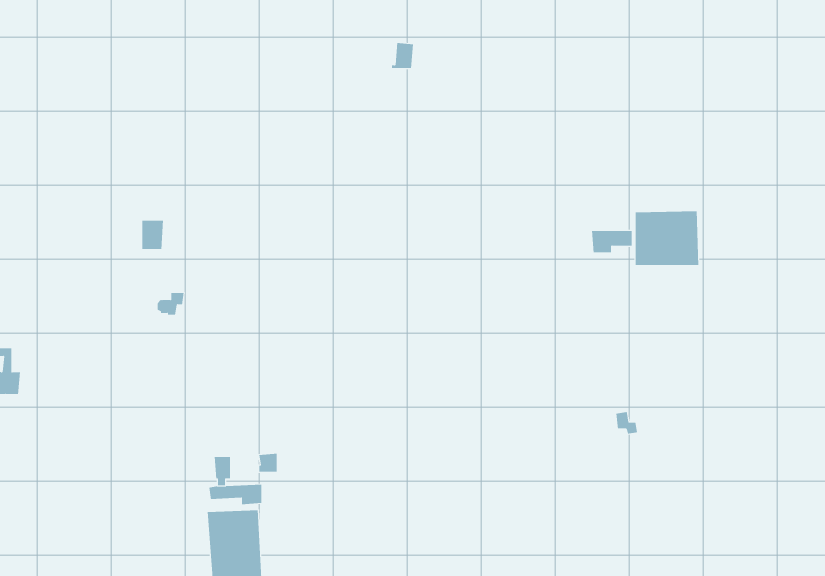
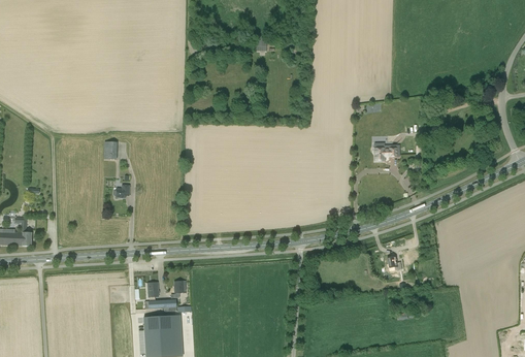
building: [635,210,699,266] -> none

